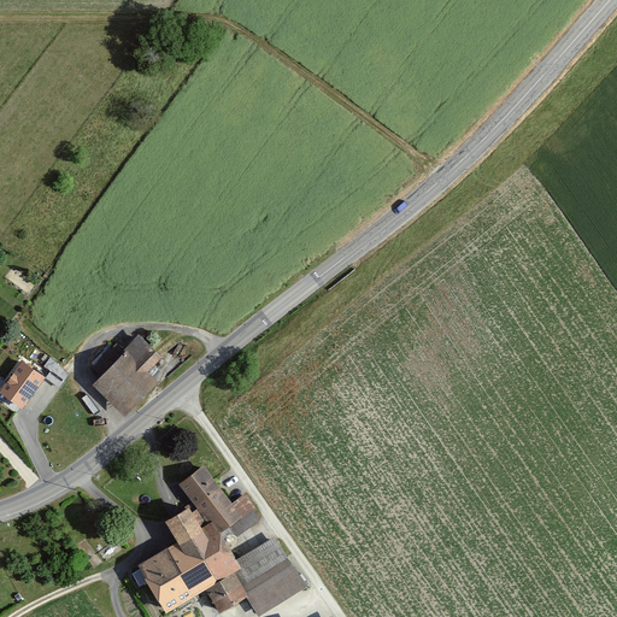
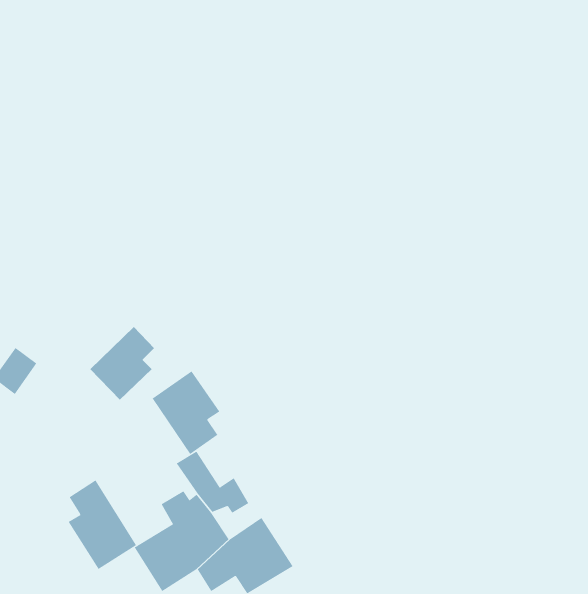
building: none -> [152,371,220,455]
building: none -> [68,479,137,570]

